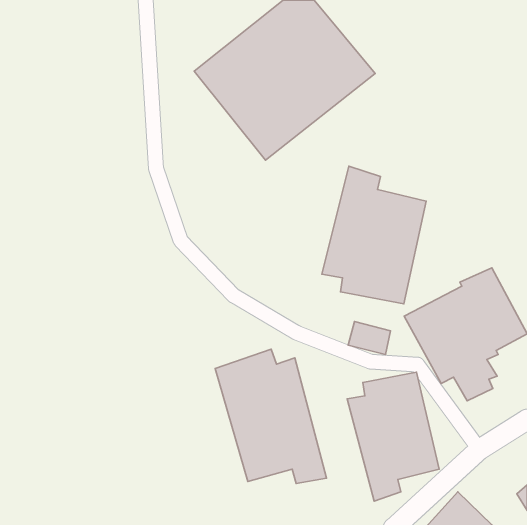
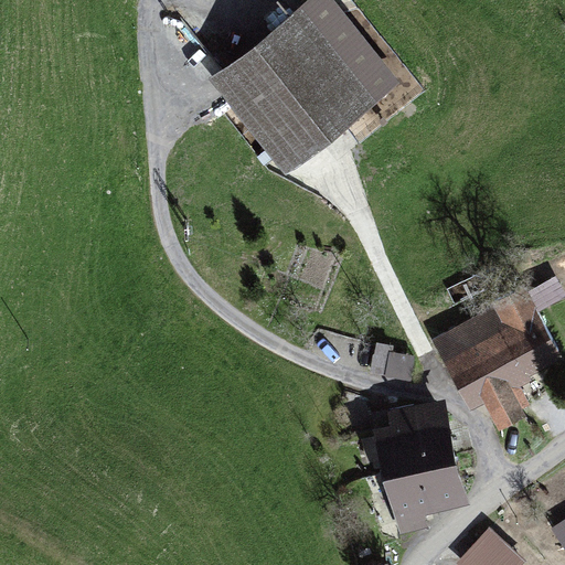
building: [322,166,426,304] -> none
building: [215,349,326,484] -> none

